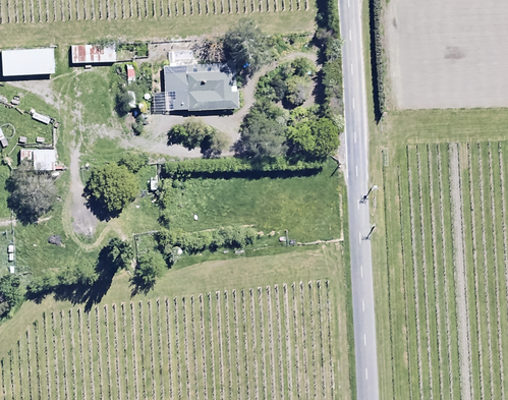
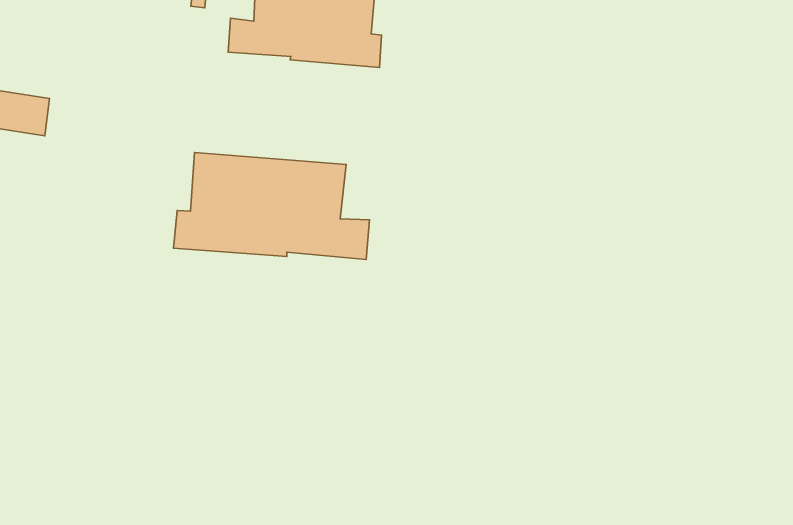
building: none -> [174,153,370,259]

